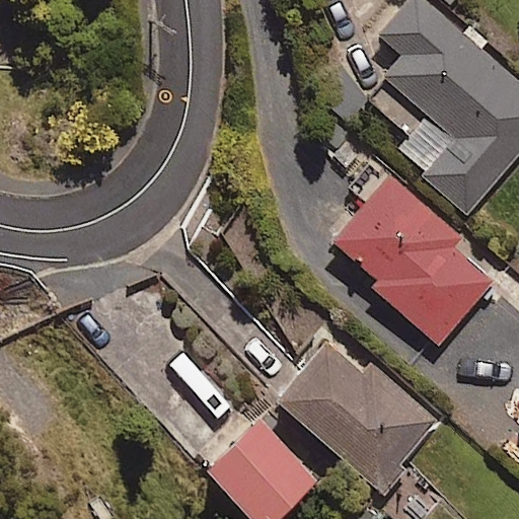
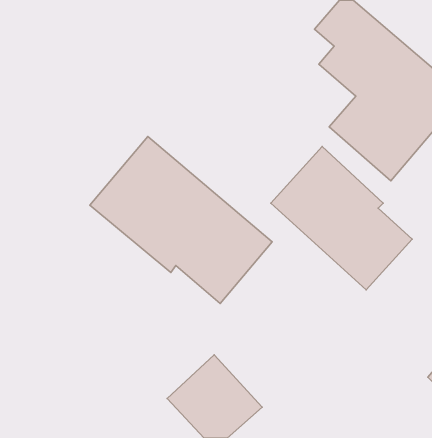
building: none -> [90,137,272,304]
building: [277,344,442,498] -> none

